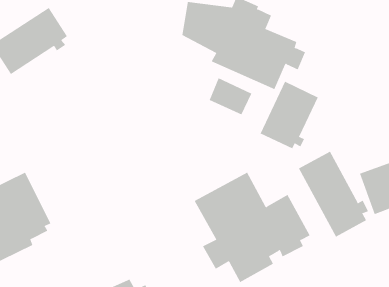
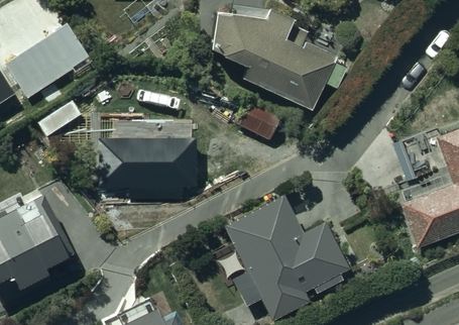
building: [260,81,319,149] -> none
building: none -> [98,114,197,193]
building: [298,151,369,237] -> none

